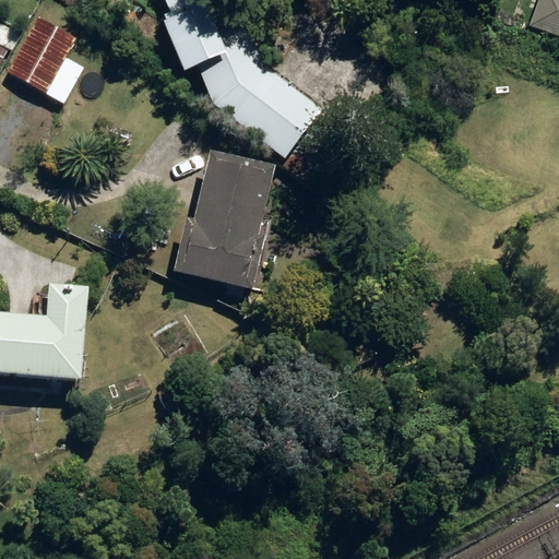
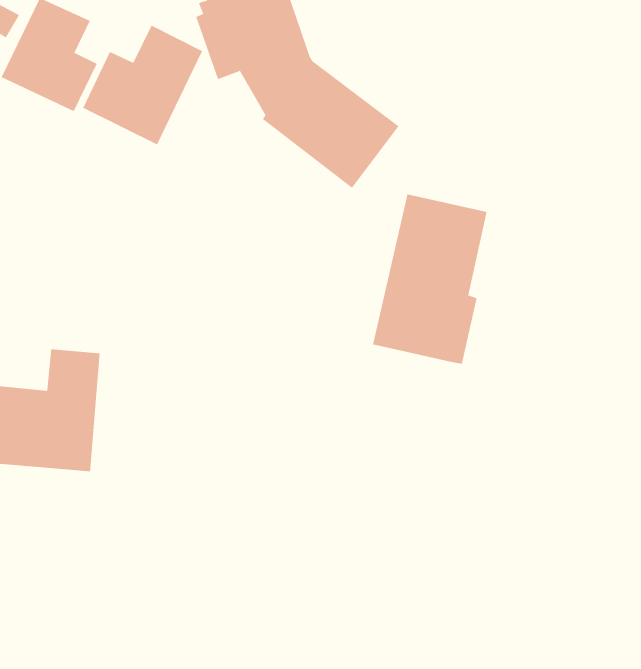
building: none -> [82,24,203,146]
building: [181,153,272,287] -> [372,193,487,364]

